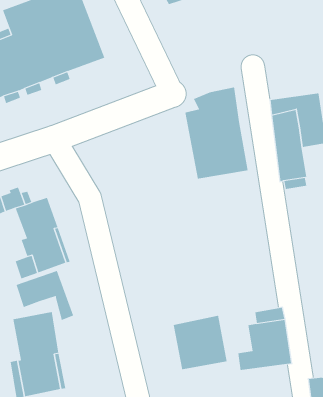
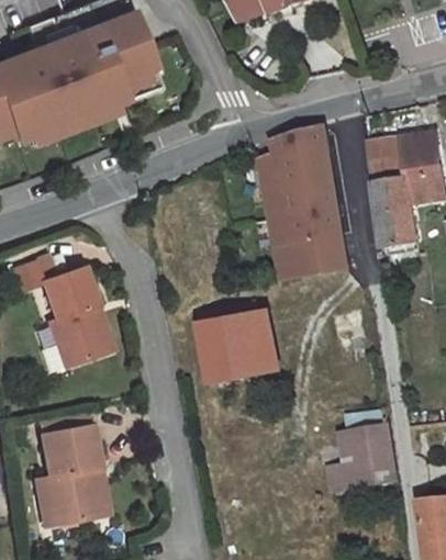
building: none -> [278,233,348,280]
building: [16,270,74,321] -> none
building: [173,315,227,370] -> [202,313,272,383]

